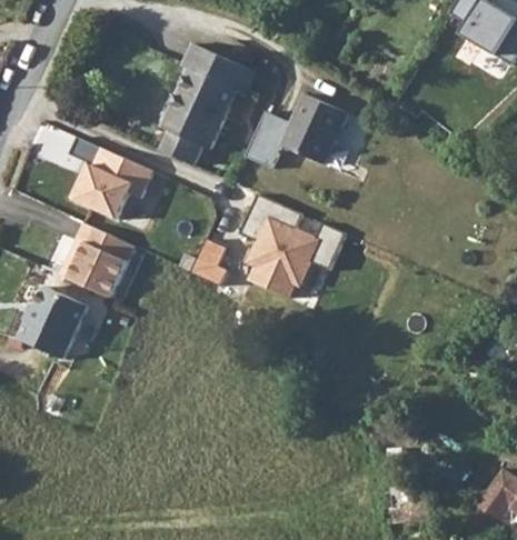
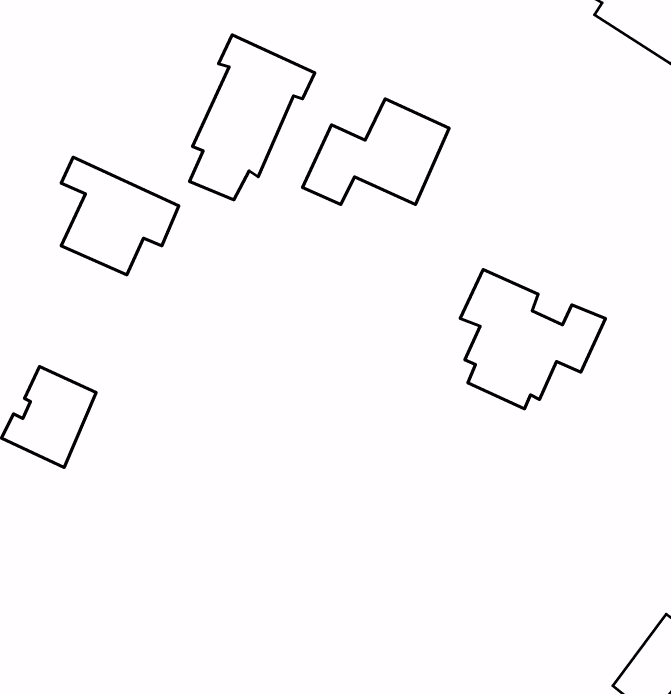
building: [241,196,347,297] -> [460,270,605,409]
building: [59,222,133,299] -> none
building: [189,237,226,283] -> none

